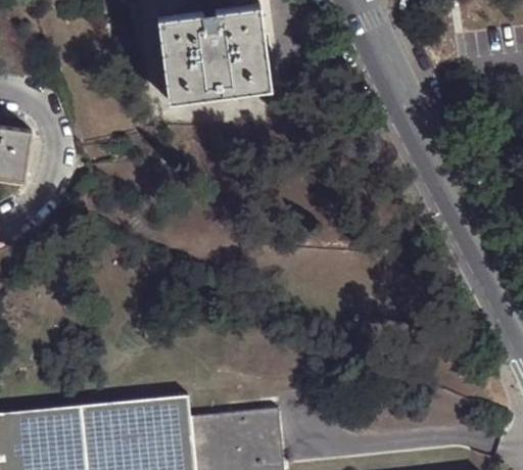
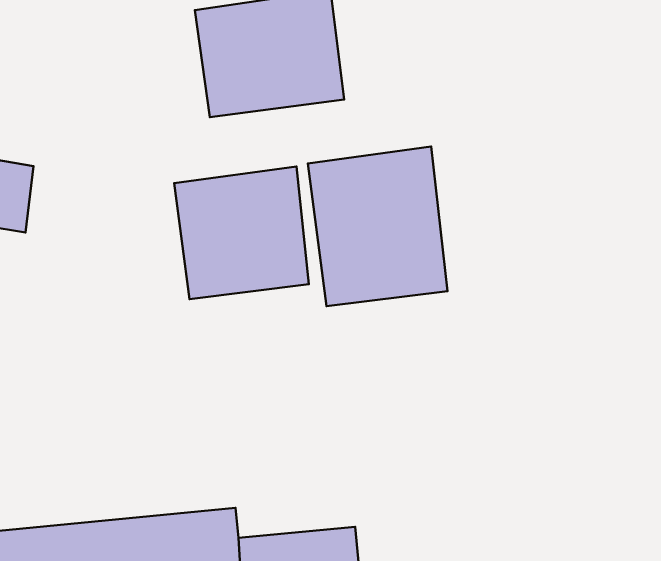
building: none -> [308,146,447,306]
building: none -> [174,166,309,299]

